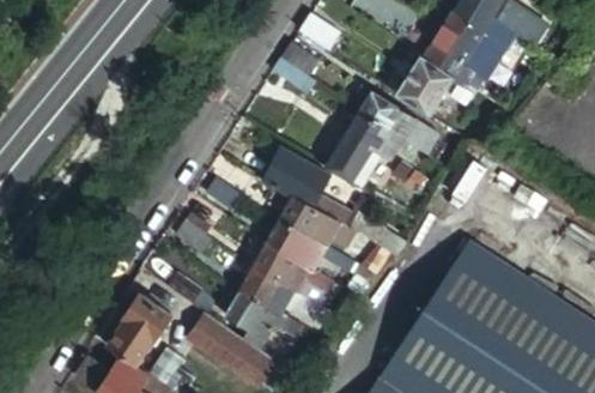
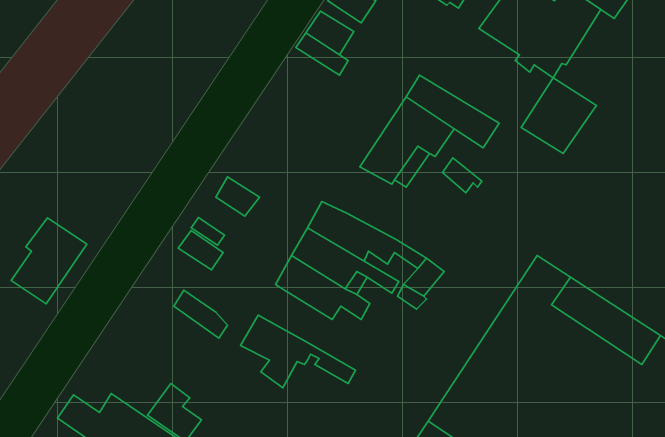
building: [393,53,455,115] -> [521,78,597,154]
building: [262,149,330,206] -> none
building: [239,265,328,325] -> none
building: [108,294,170,364] -> [11,218,87,304]
building: [188,310,274,385] -> none

